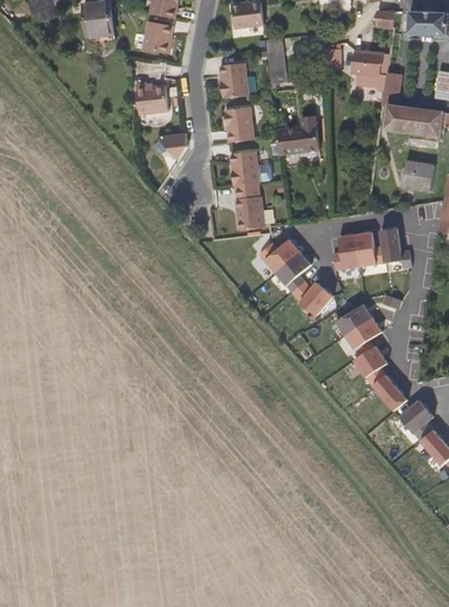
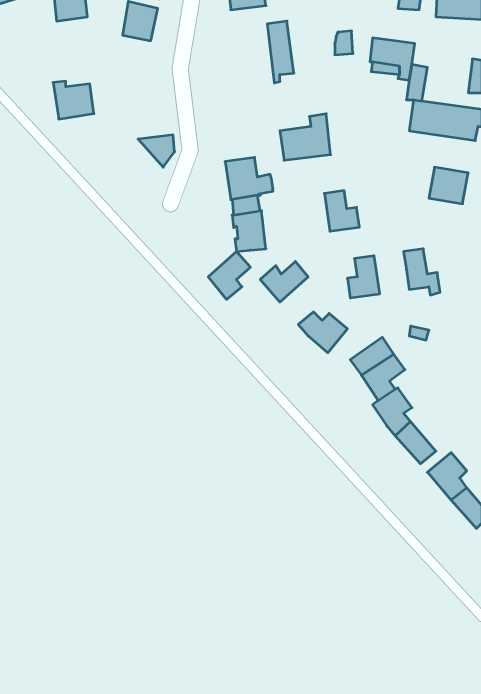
building: [218,63,248,98] -> none
building: [134,82,168,114] -> [53,81,94,119]
building: [224,107,252,142] -> none
building: [354,232,384,267] -> [324,191,359,231]
building: [275,253,310,293] -> [208,252,250,299]

